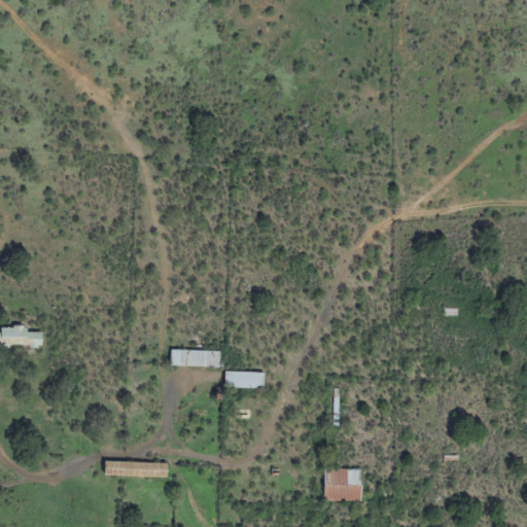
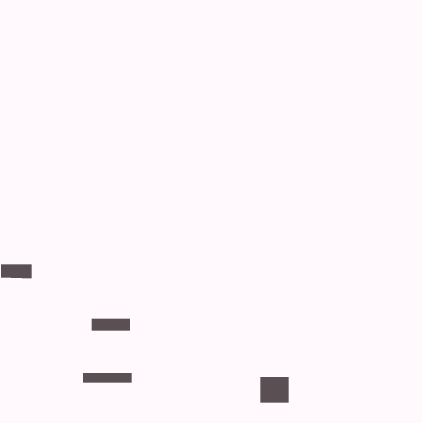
building: [171,349,220,365] -> [91,318,131,331]
building: [225,371,265,387] -> none

